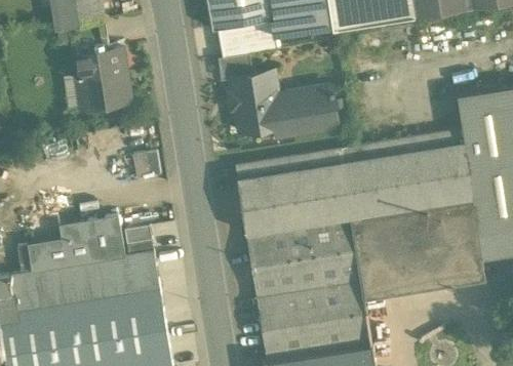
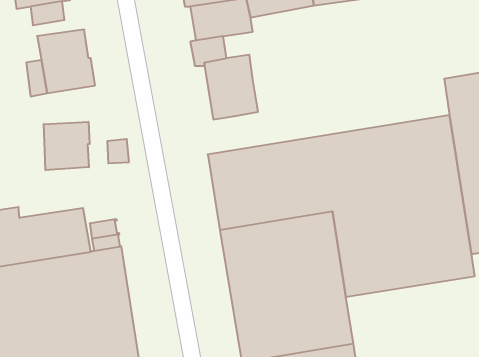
building: [260,87,338,140] -> none
building: none -> [44,122,90,170]

